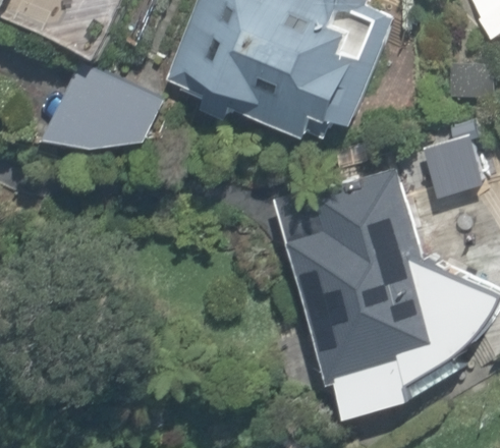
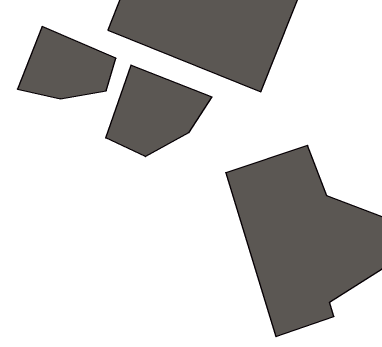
building: none -> [106,65,212,157]

